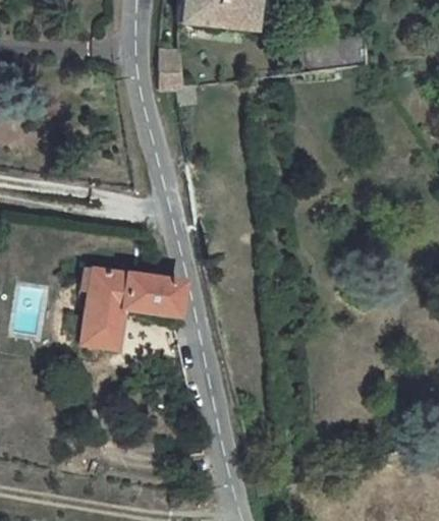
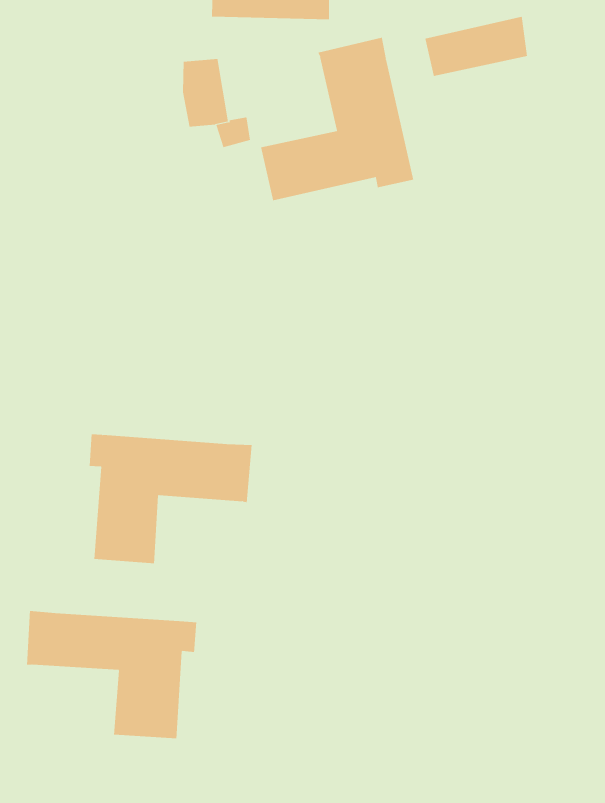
building: none -> [260,37,414,201]
building: none -> [27,610,197,739]

